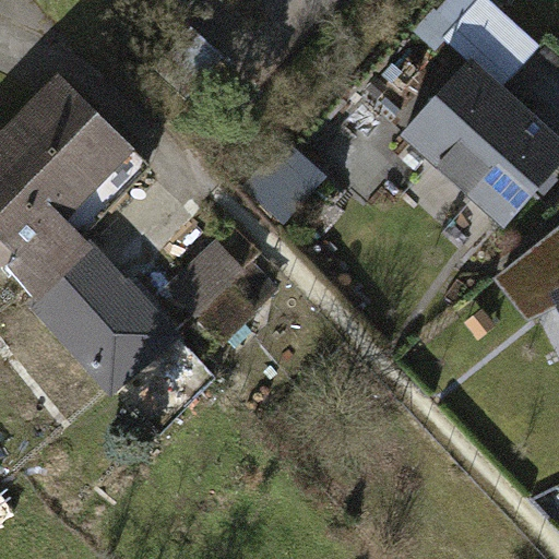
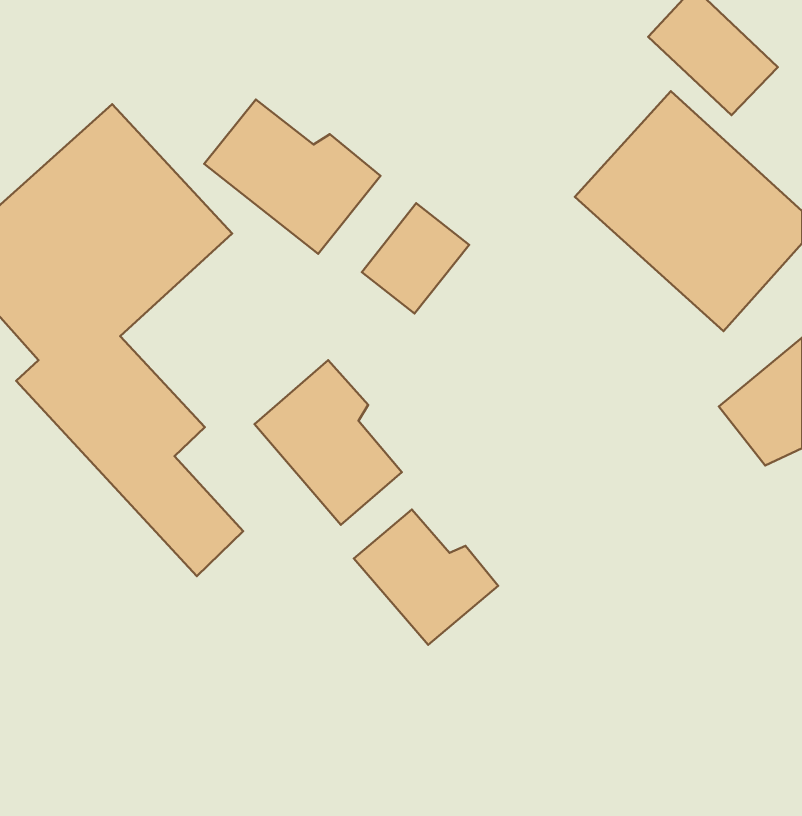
building: none -> [204,100,381,254]
building: none -> [354,510,498,645]

